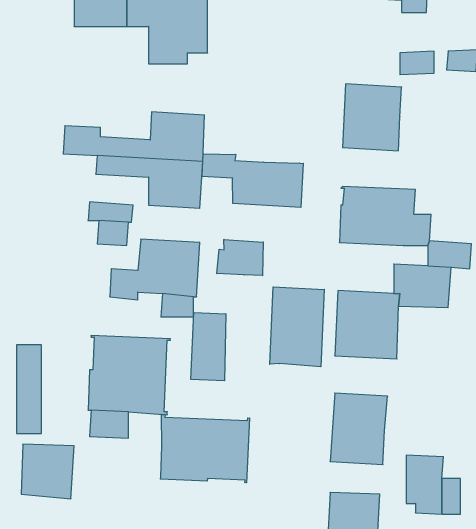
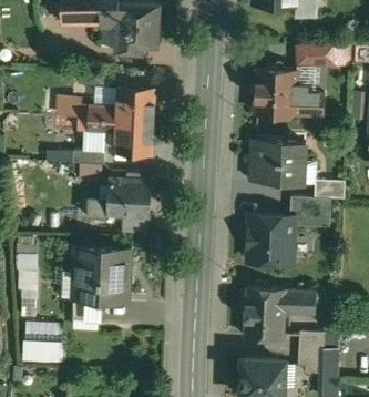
building: none -> [293,90,322,115]
building: [202,154,303,207] -> none
building: [217,239,263,276] -> none
building: [270,287,324,367] -> none
building: [191,312,226,381] -> none
building: none -> [283,289,316,315]
building: [160,414,250,483] -> none

